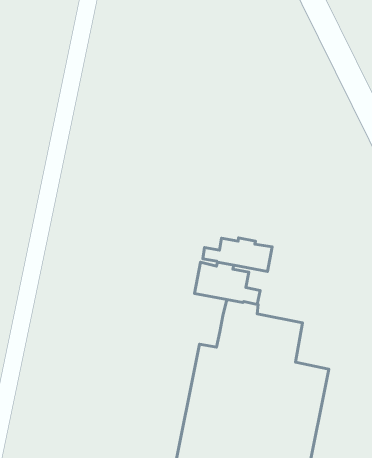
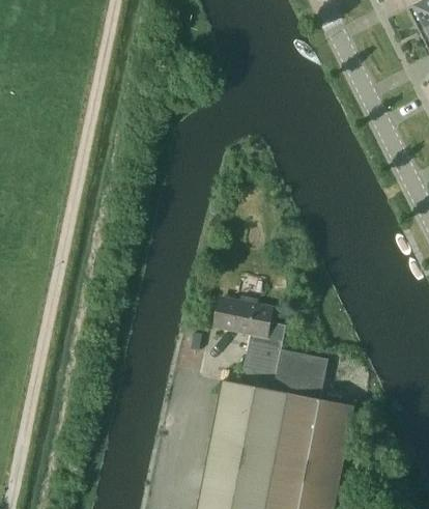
building: [203,238,272,272] -> none

